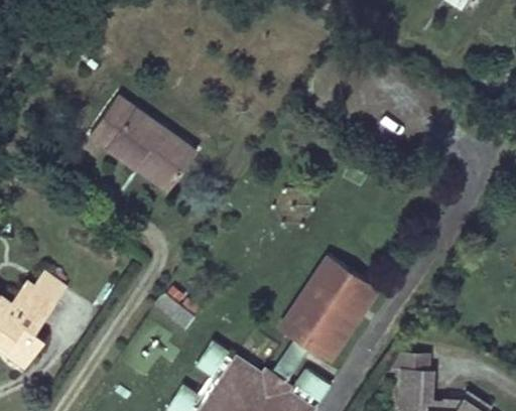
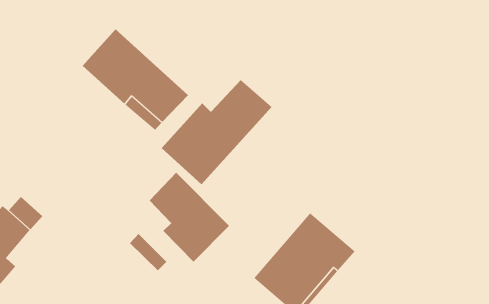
building: none -> [161,79,273,185]
building: none -> [149,172,230,262]

